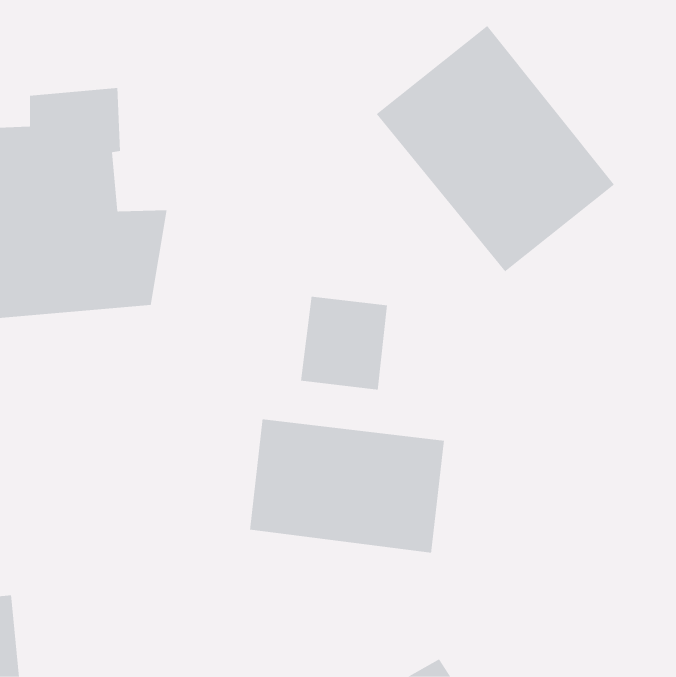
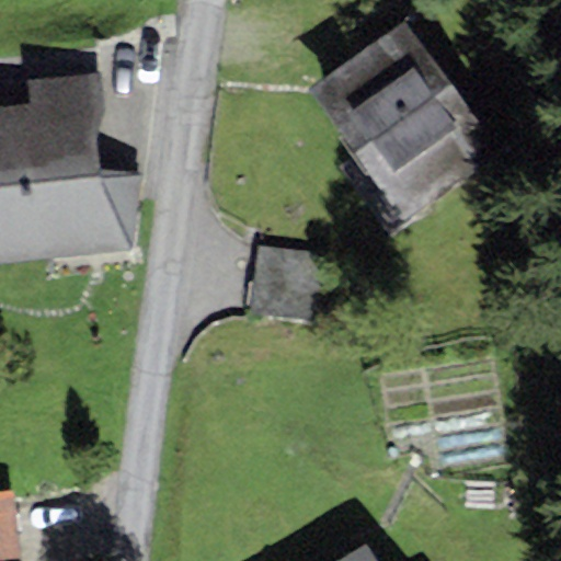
building: [249,419,445,553] -> none

